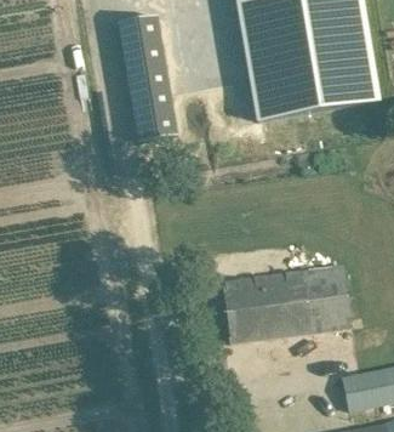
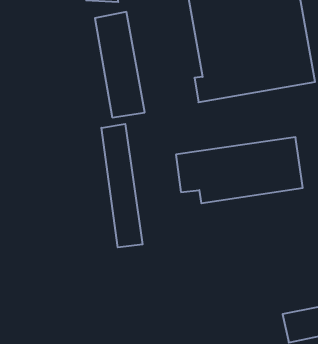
building: none -> [101,124,143,247]
building: [202,265,354,343] -> [176,137,303,203]

